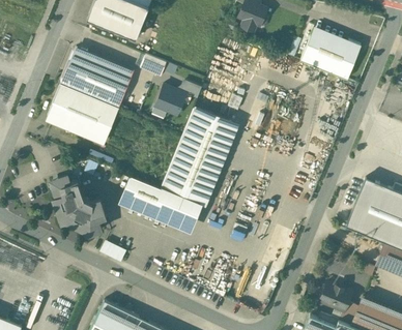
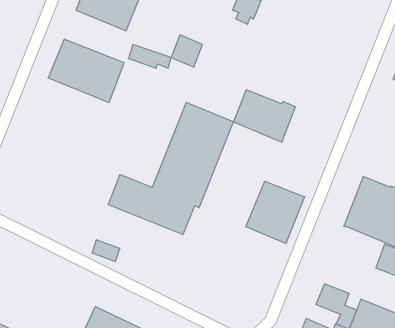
building: [300,30,361,81] -> [233,90,296,142]
building: [46,84,119,145] -> none
building: [155,84,185,115] -> [171,35,202,67]
building: [51,177,106,236] -> none
building: none -> [246,181,305,244]

